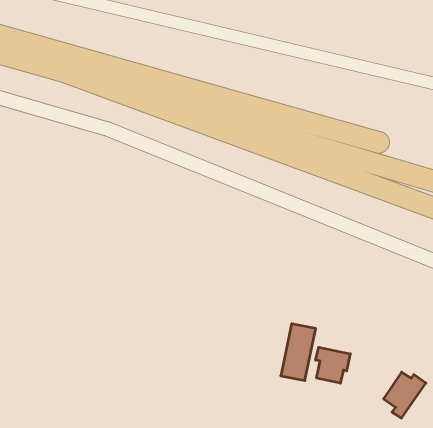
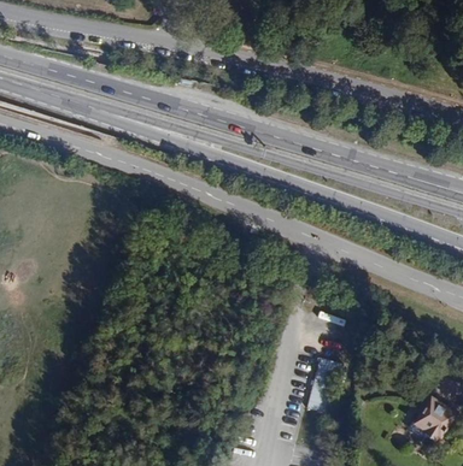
building: [316,347,350,383] -> none

